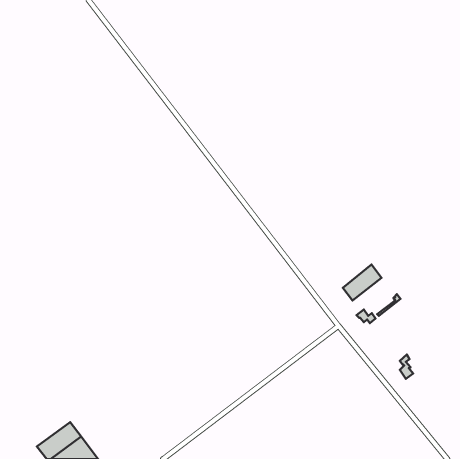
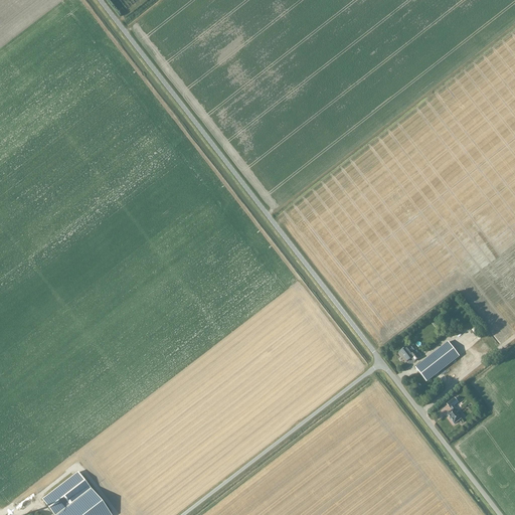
building: [343,264,381,300] -> [415,341,459,381]

